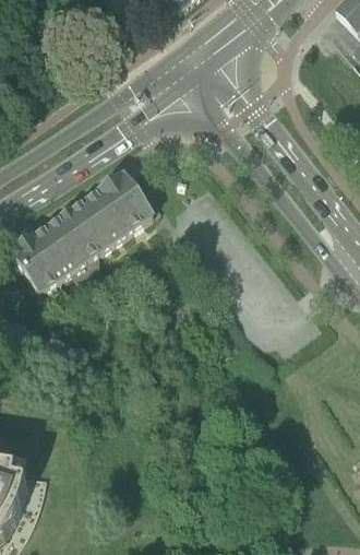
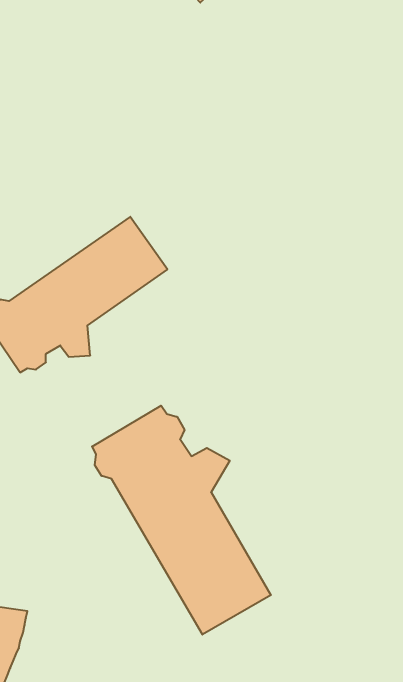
building: none -> [92,406,271,635]

